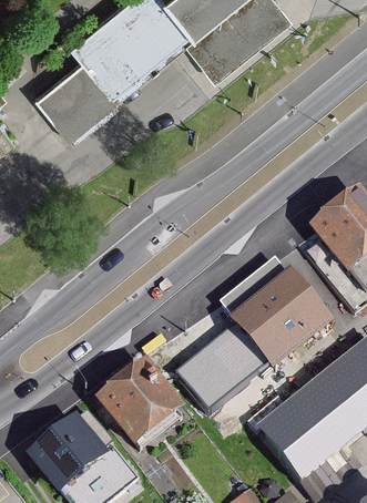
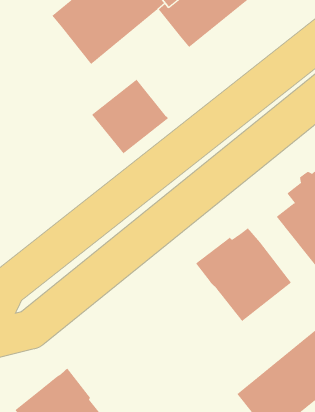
building: [32,54,113,133] -> [91,79,169,154]
building: [176,325,268,411] -> none
building: [101,366,176,441] -> none

